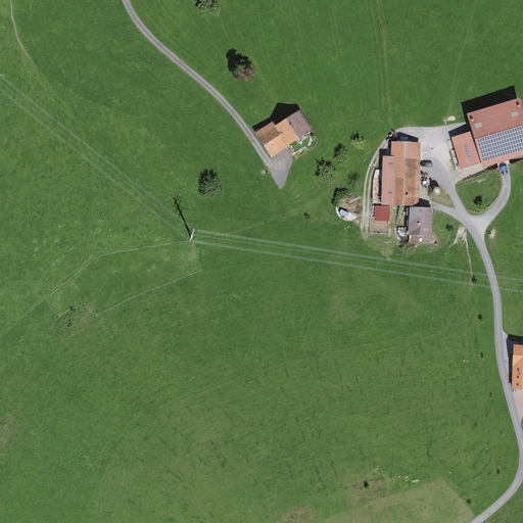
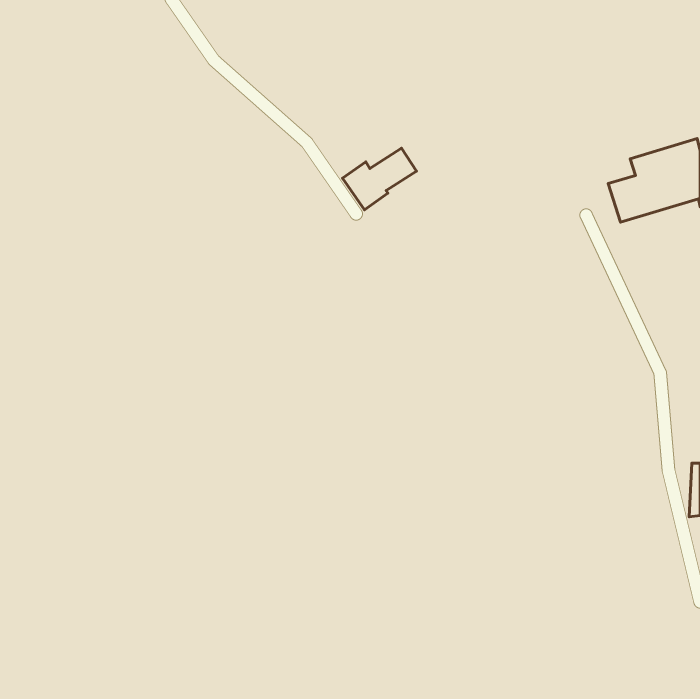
building: [372,141,420,204] -> none
building: [410,209,432,239] -> none

